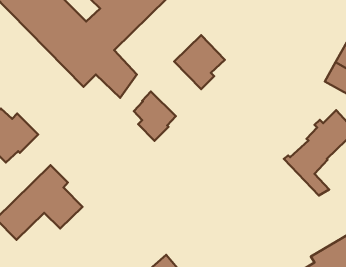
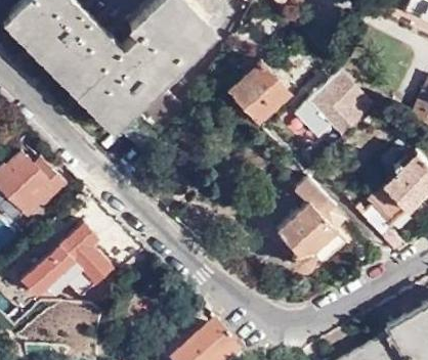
building: none -> [293,72,374,140]
building: [134,91,176,141] -> none
building: none -> [275,178,335,274]

